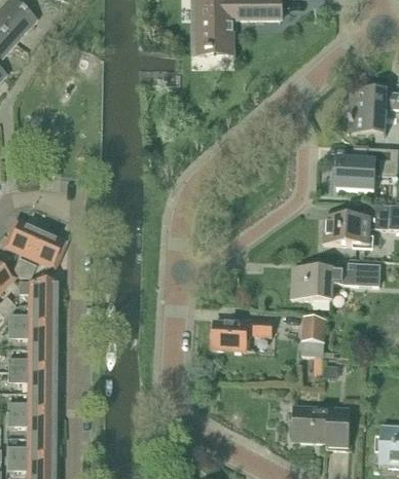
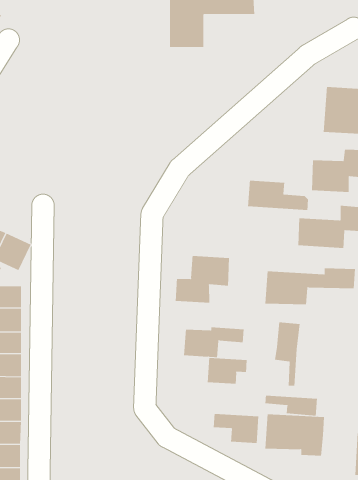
building: none -> [248,180,309,211]
building: none -> [175,255,229,303]
building: none -> [207,357,247,385]
building: none -> [265,395,318,416]
building: none -> [213,413,259,444]

